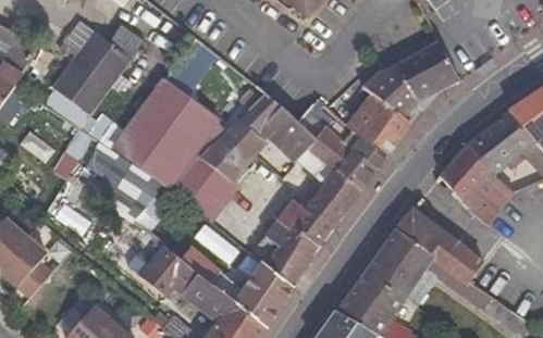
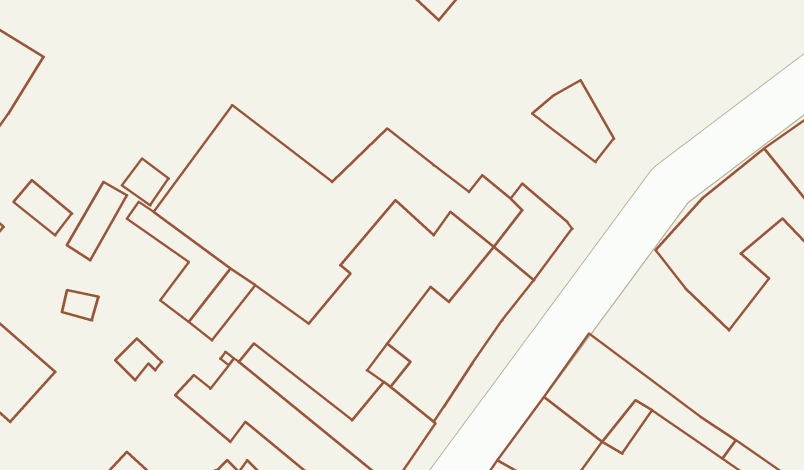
building: [44,20,133,128] -> none
building: [390,40,456,109] -> none
building: [343,92,406,155] -> none
building: [395,206,483,283] -> none

